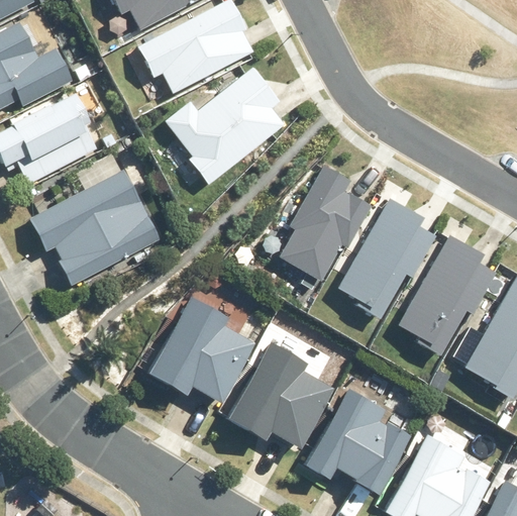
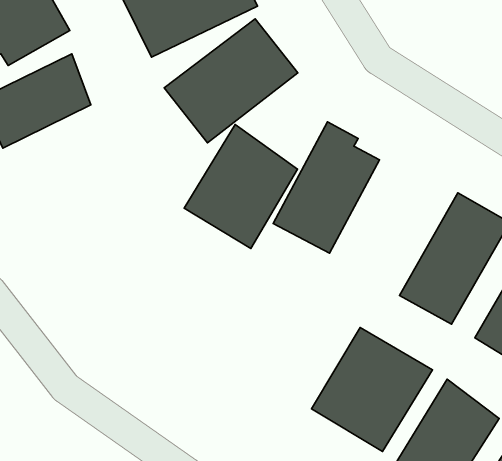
building: [36,178,146,264] -> none
building: [332,203,436,326] -> none
building: [158,273,266,391] -> [184,125,298,249]
building: [231,324,339,431] -> none

